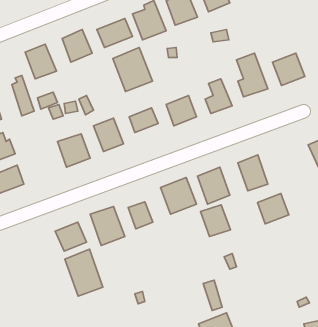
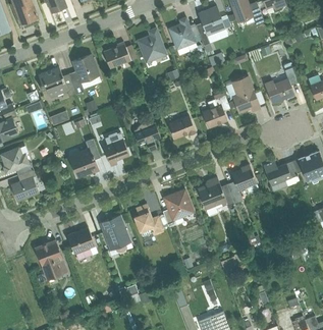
building: [113,48,153,92] -> none
building: [257,194,289,224] -> [264,159,292,186]
building: [200,205,230,237] -> none
building: [65,249,103,296] -> [34,238,68,281]

